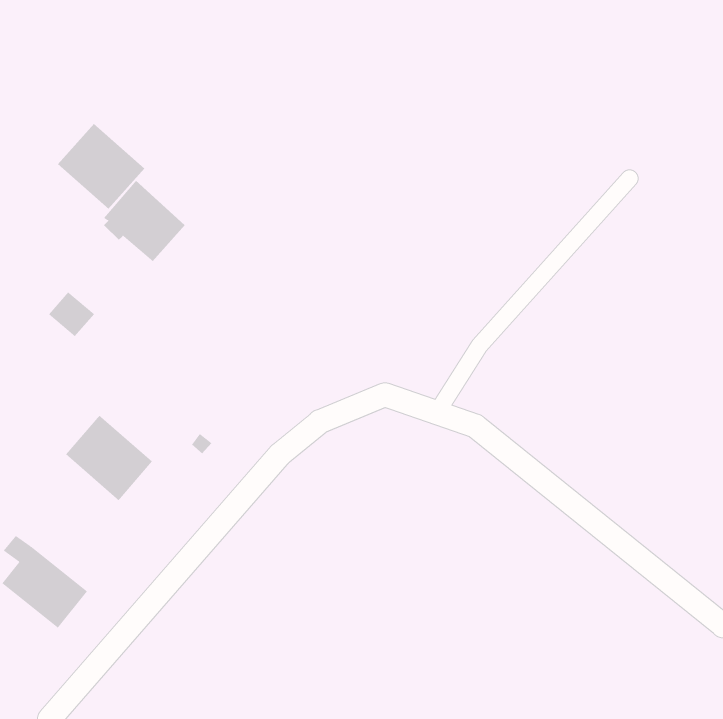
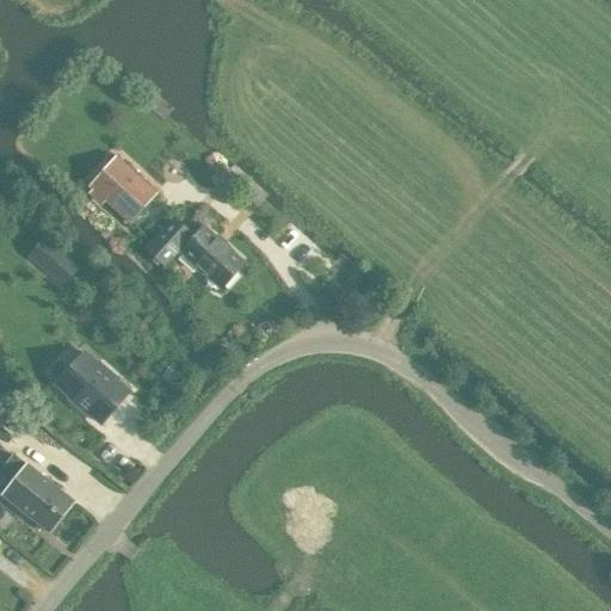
building: [57,123,145,209] -> none
building: none -> [146,218,242,286]

